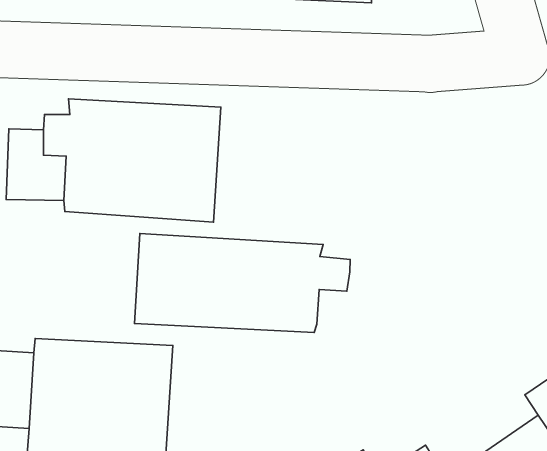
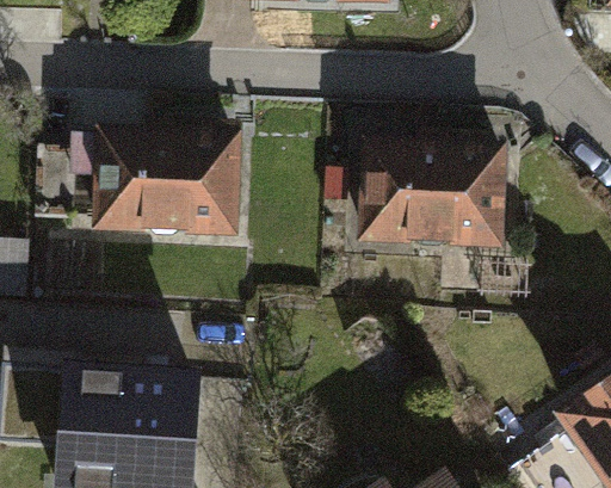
building: none -> [357,132,511,245]
building: [135,234,350,332] -> none

